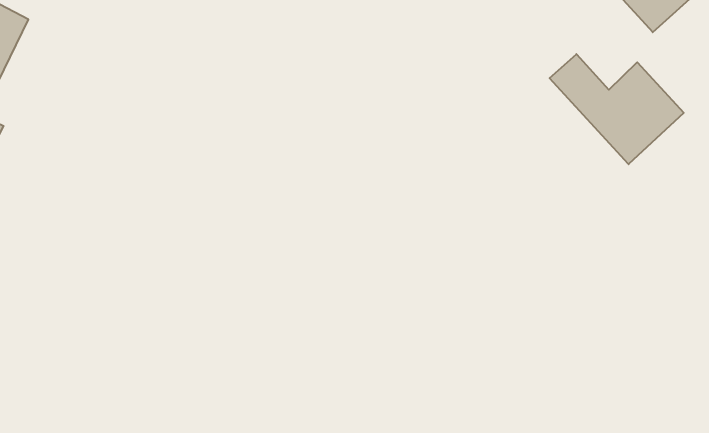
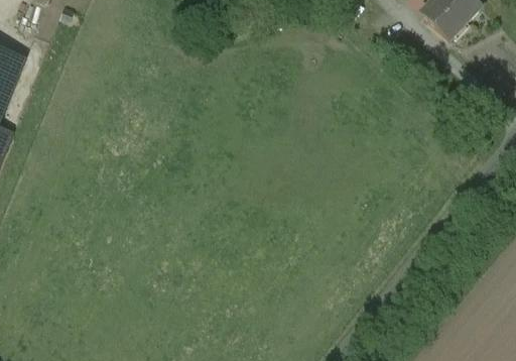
building: [550,54,684,164] -> none

